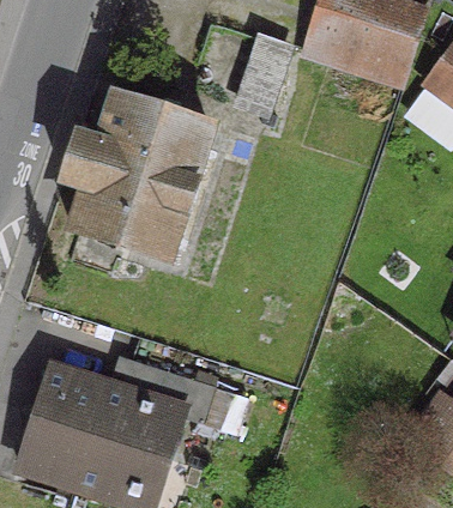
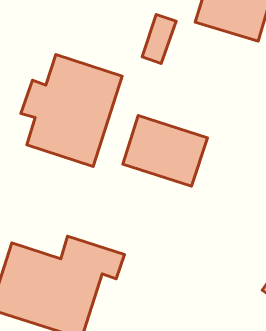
building: none -> [123,115,208,186]

